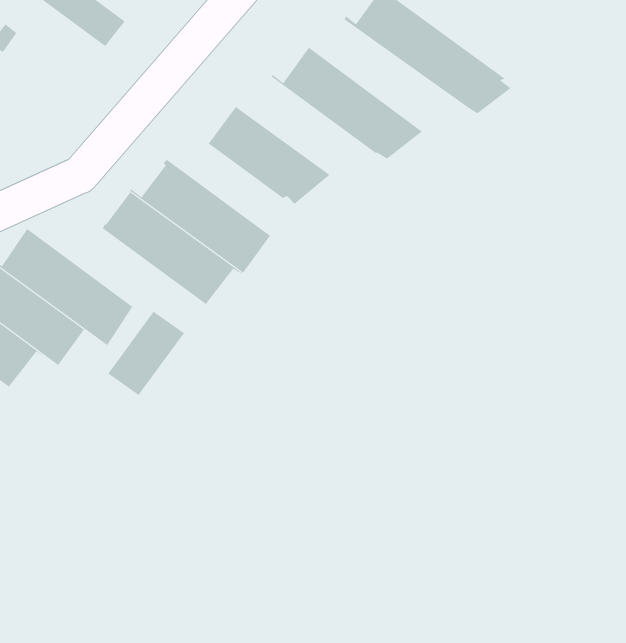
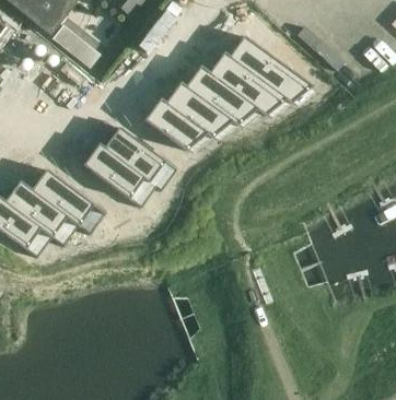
building: none -> [201,51,290,117]
building: none -> [161,83,238,142]
building: [107,311,185,396] -> none

